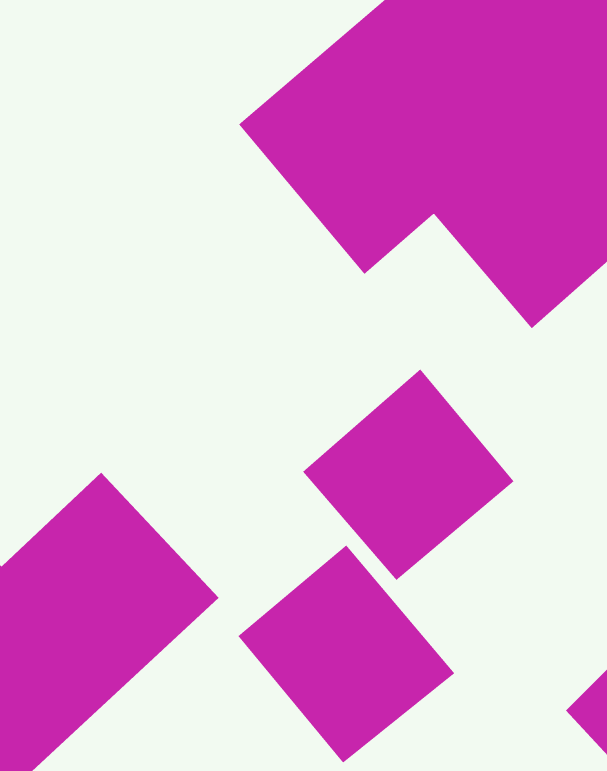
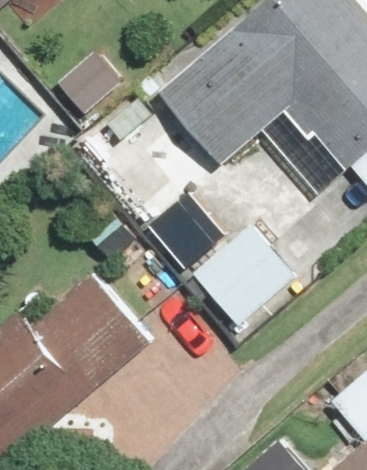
building: [238,545,455,763] -> none

